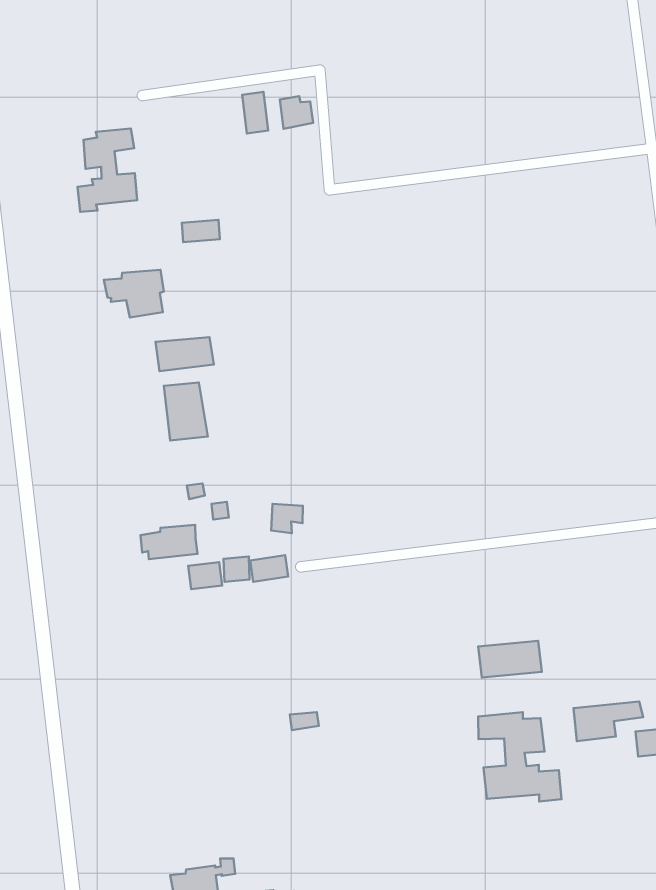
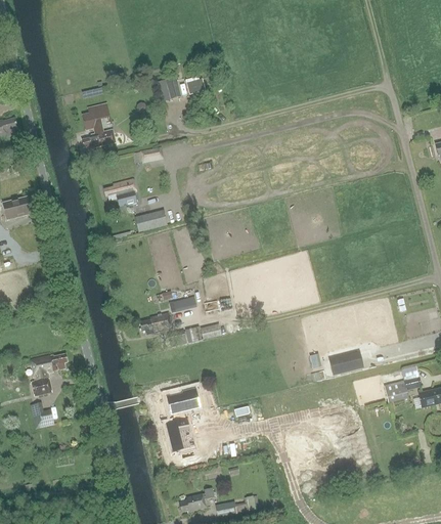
building: [164,382,208,441] -> none
building: none -> [165,387,201,450]
building: [478,712,561,801] -> none

